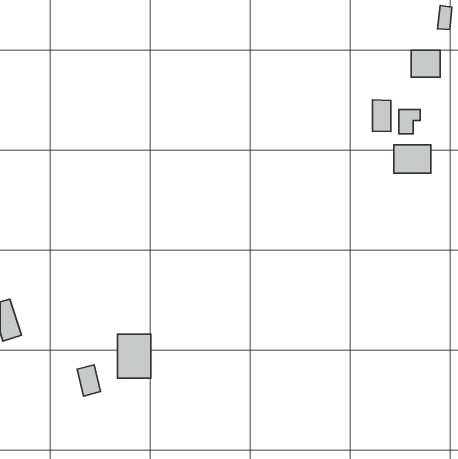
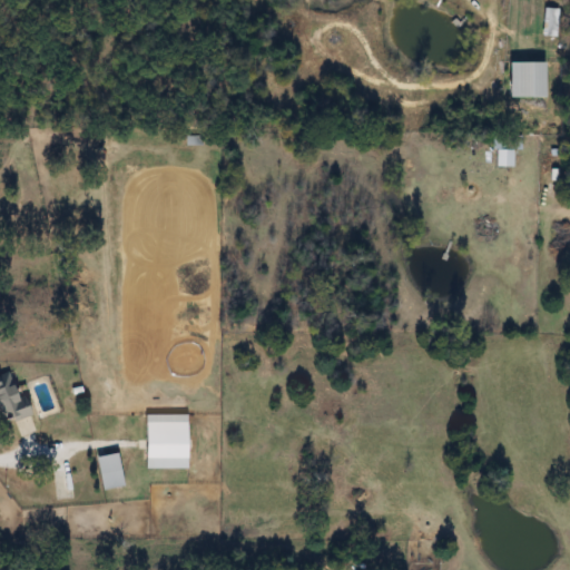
building: [372,100,391,132] -> none
building: [394,145,431,173] -> none

